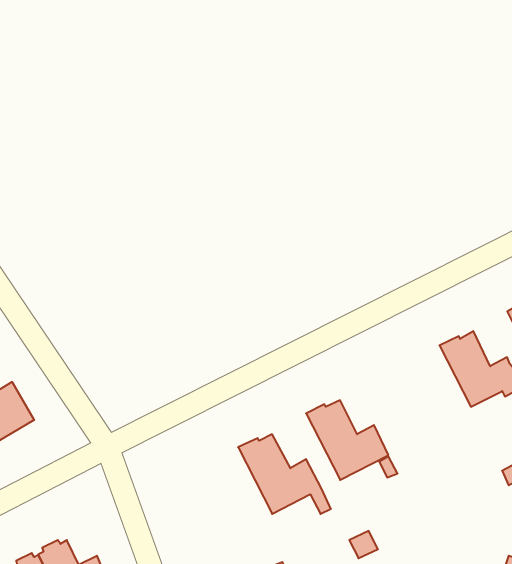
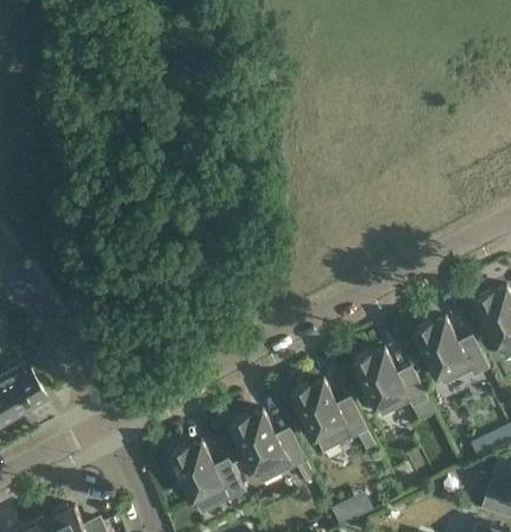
building: none -> [354,349,429,417]
building: none -> [171,442,247,514]

